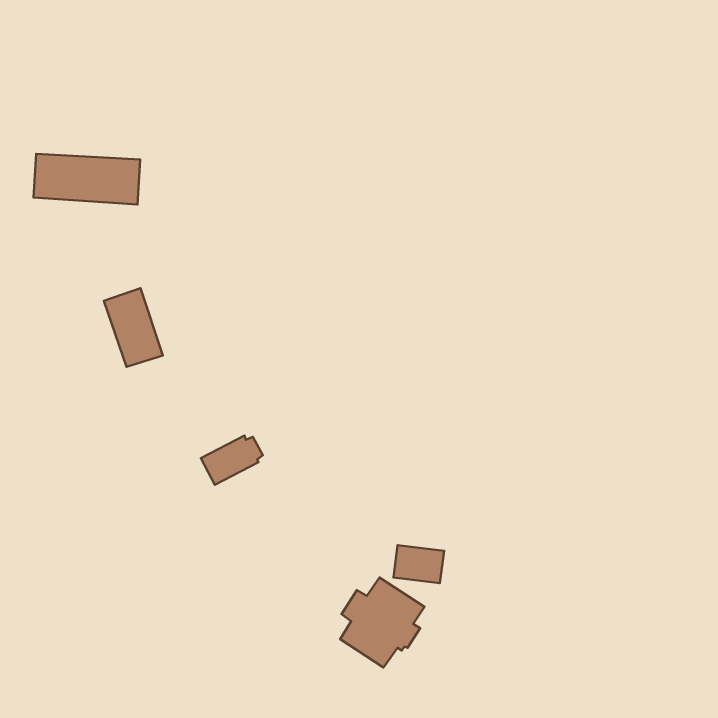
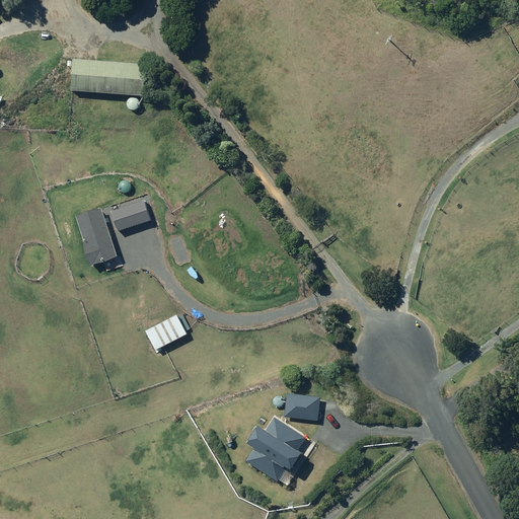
building: [33,154,140,205] -> [71,59,148,95]
building: none -> [110,201,150,231]

